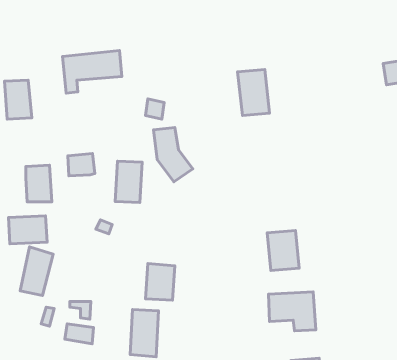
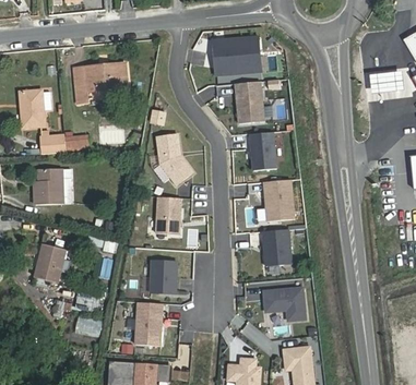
building: none -> [212,36,261,75]
building: none -> [250,132,276,170]
building: [68,153,95,176] -> [40,133,66,154]
building: [115,161,142,203] -> [156,196,181,234]
building: none -> [263,179,294,221]
building: [8,216,47,244] -> none

